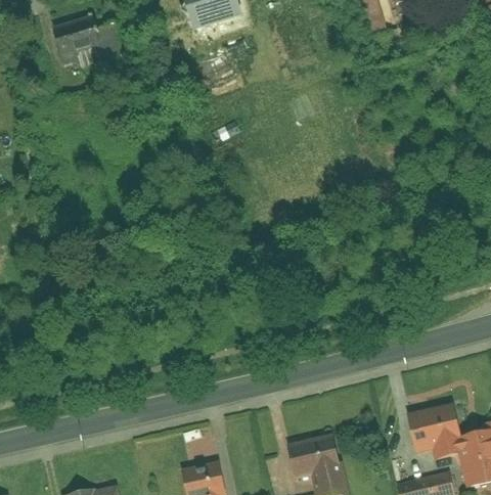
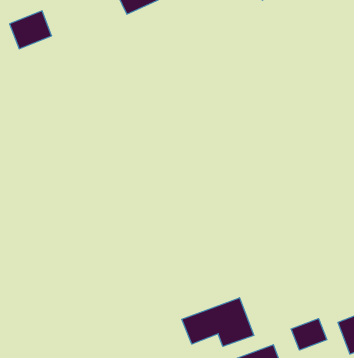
building: none -> [182,298,254,346]
building: none -> [291,319,327,350]

